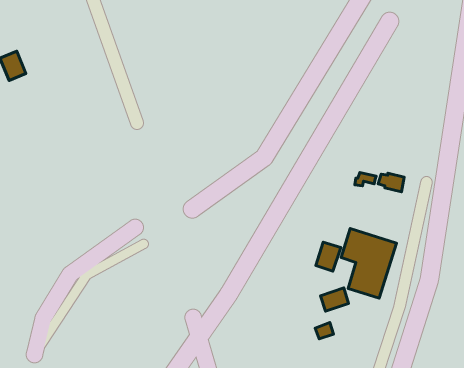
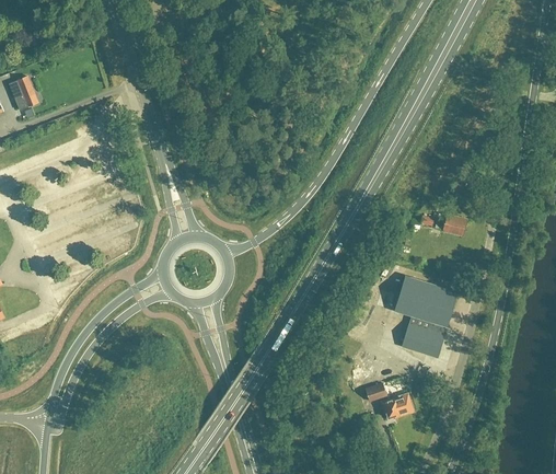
building: [316,242,341,271] -> none
building: [321,288,349,311] -> [382,394,414,420]

